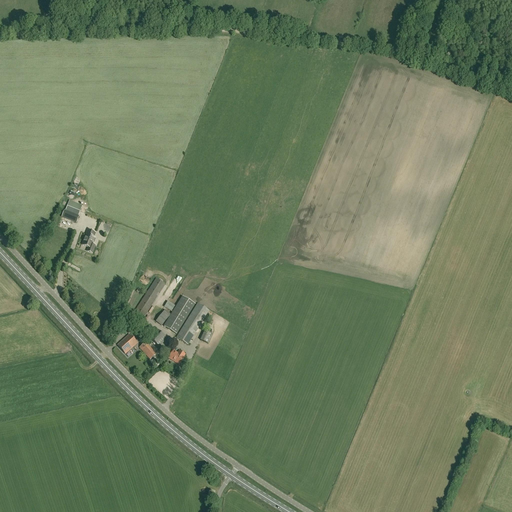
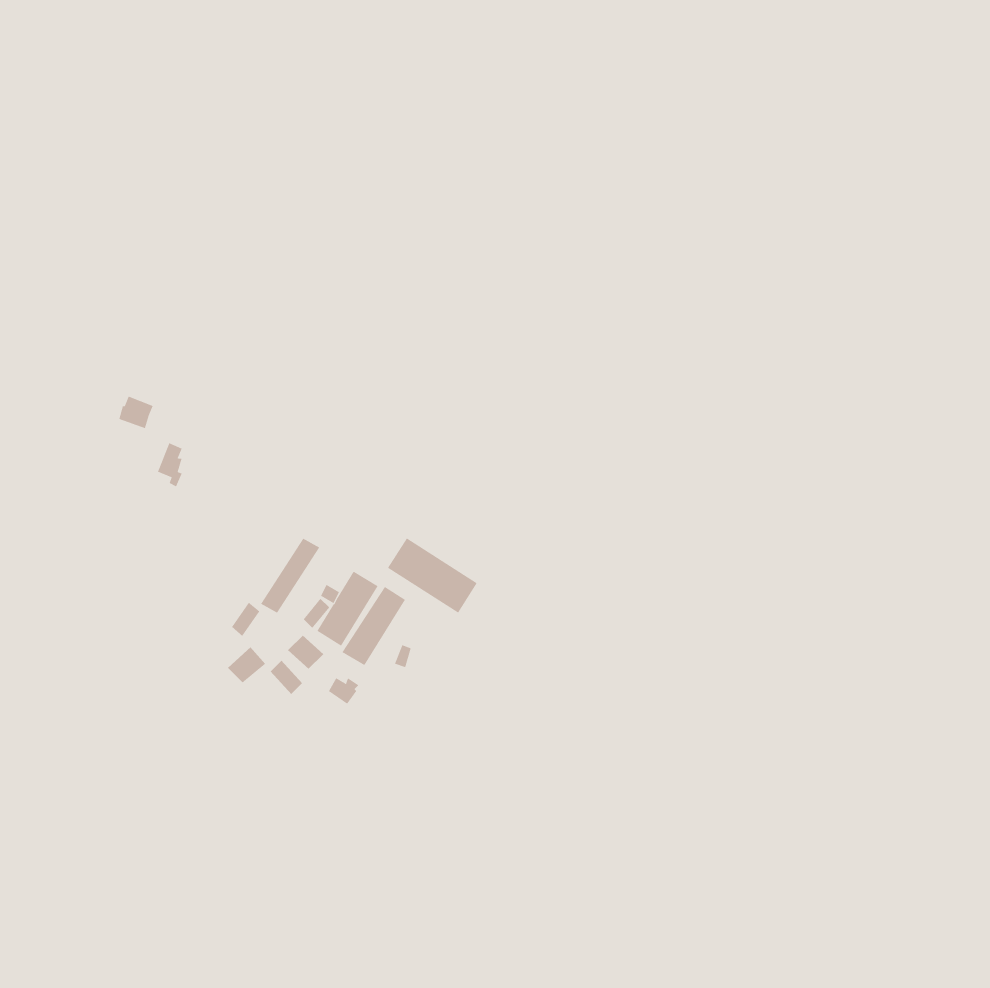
building: none -> [387,538,478,613]

